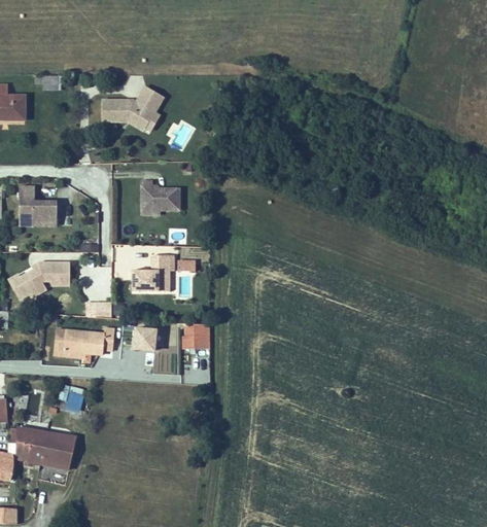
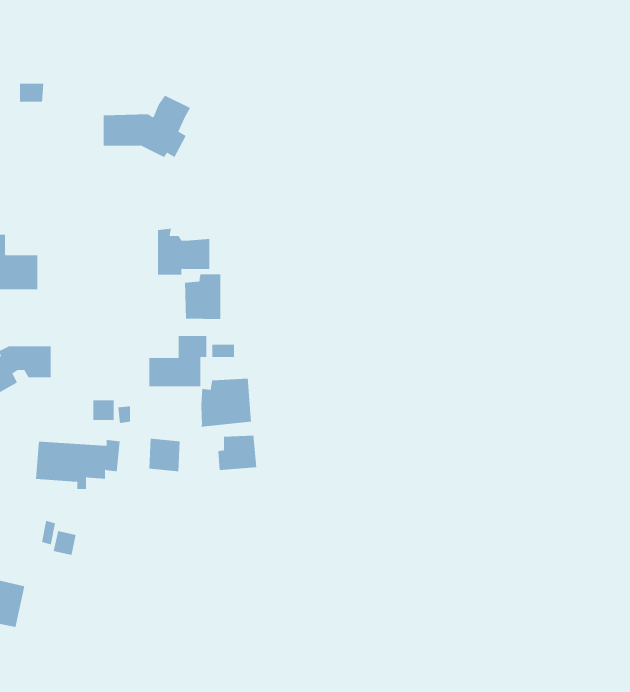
building: none -> [185,274,221,320]
building: none -> [201,378,252,427]
building: [41,431,78,467] -> none

